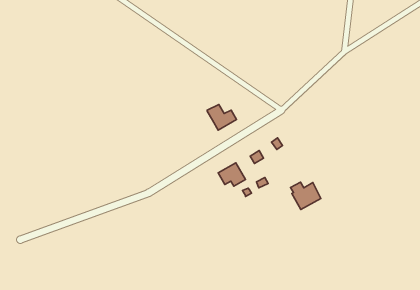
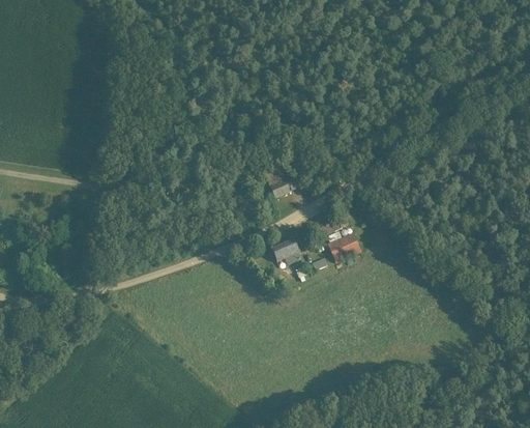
building: [290,182,321,210] -> [328,231,362,263]

